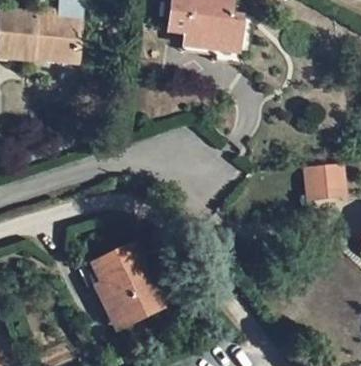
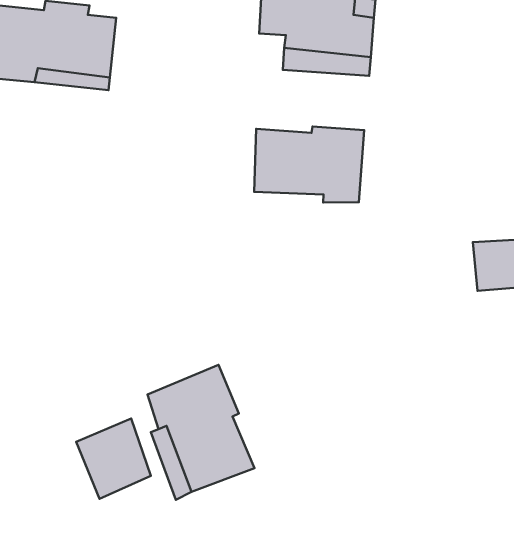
building: none -> [254,126,364,203]
building: none -> [76,419,151,499]

